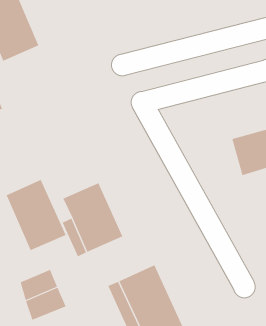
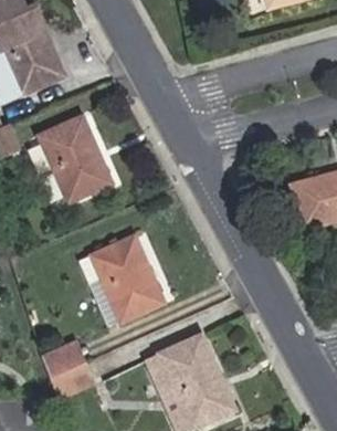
building: [6,179,67,251] -> [40,116,112,201]

